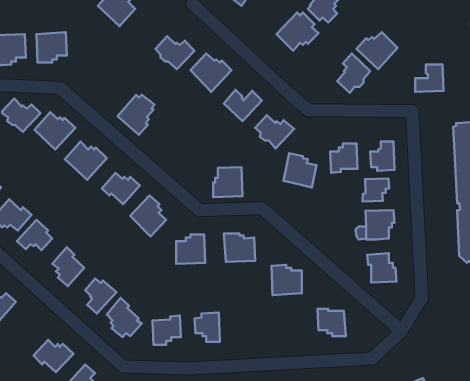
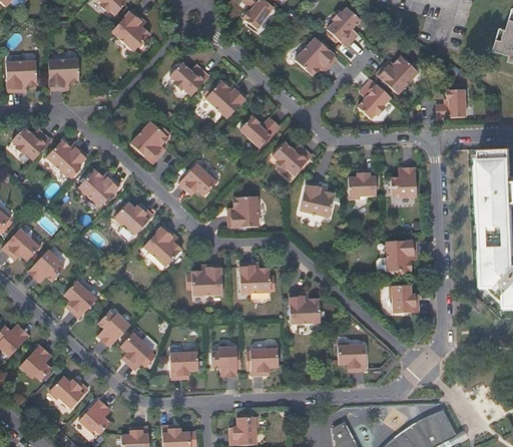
building: none -> [178,162,217,195]
building: [363,178,389,202] -> none
building: none -> [16,343,47,379]
building: none -> [247,346,277,375]

